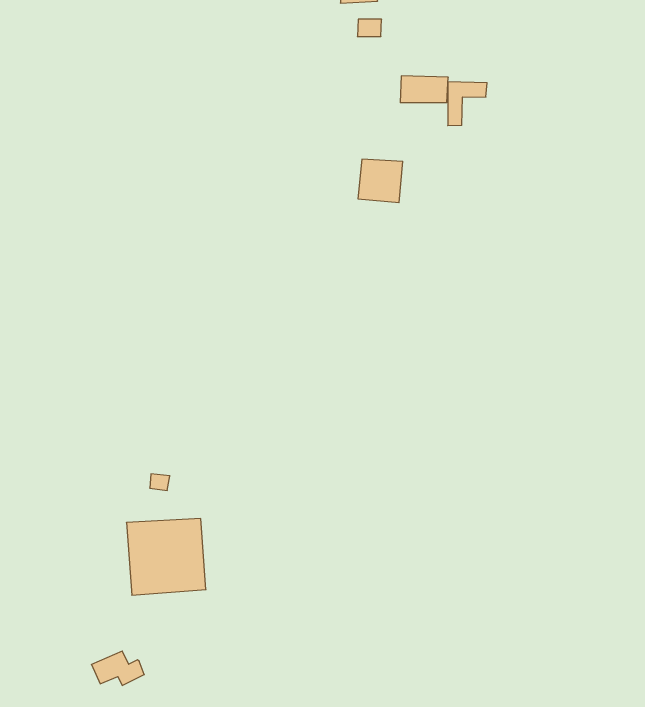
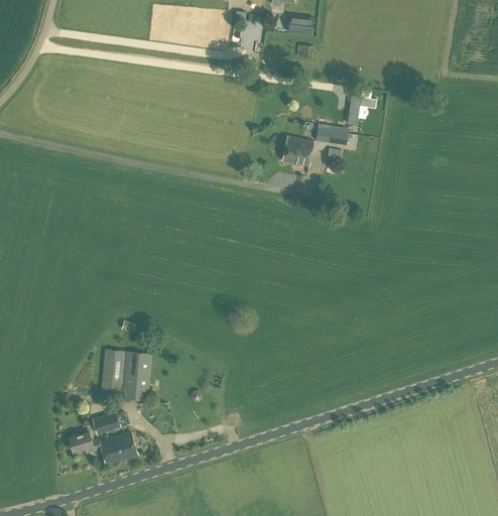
building: [400,76,448,103] -> [315,124,348,145]
building: none -> [92,412,120,434]
building: none -> [99,432,136,464]

